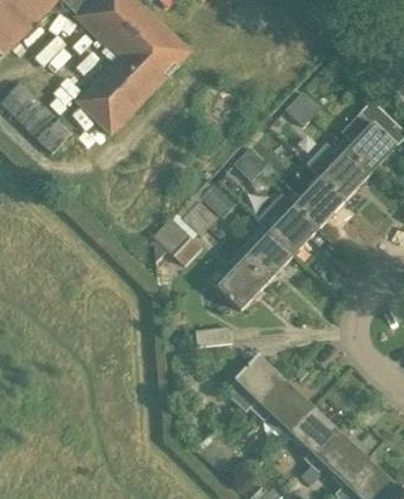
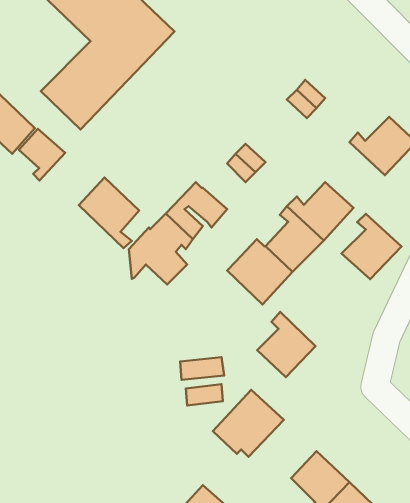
building: none -> [19,129,65,180]
building: [319,144,370,199] -> [342,214,401,279]
building: none -> [79,178,139,248]
building: [217,253,266,308] -> [257,312,316,377]
building: [254,379,312,429] -> none

